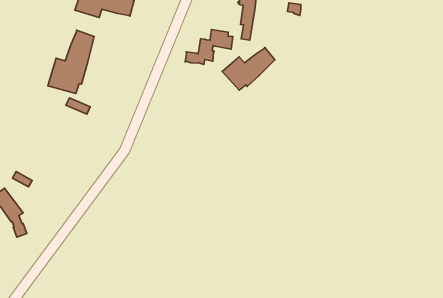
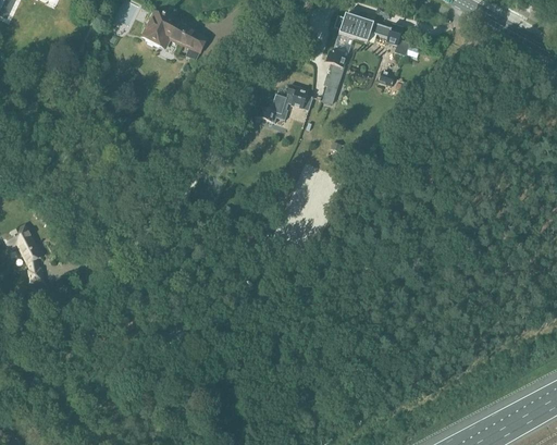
building: [48,30,94,93] -> none
building: [222,47,275,90] -> none

